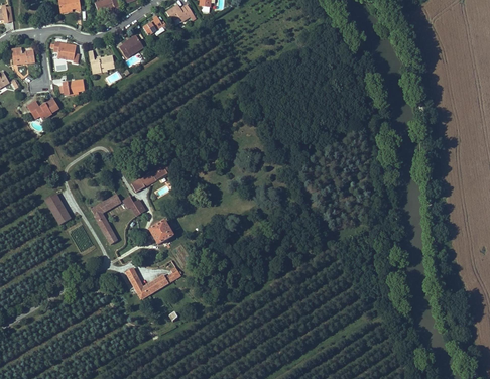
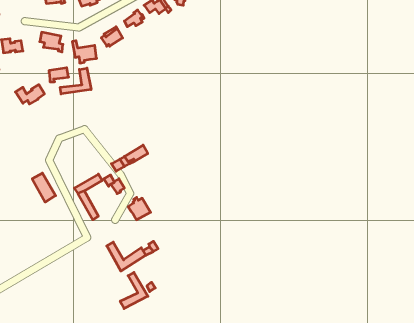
building: none -> [60,68,91,94]
building: none -> [120,272,148,309]

